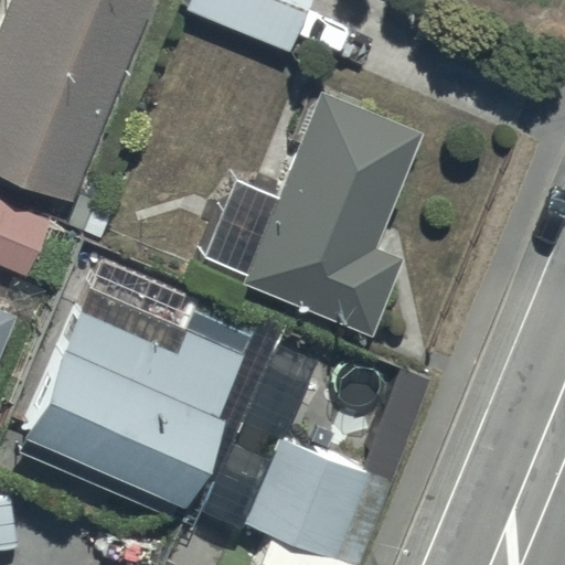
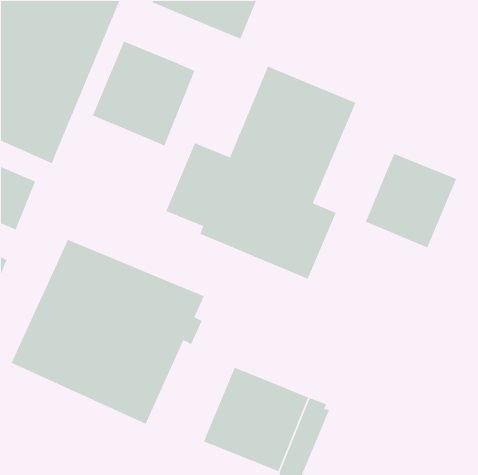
building: none -> [92,40,196,146]
building: none -> [365,153,457,249]

